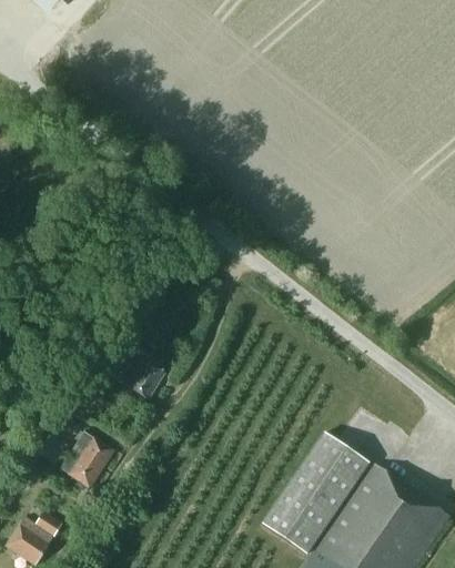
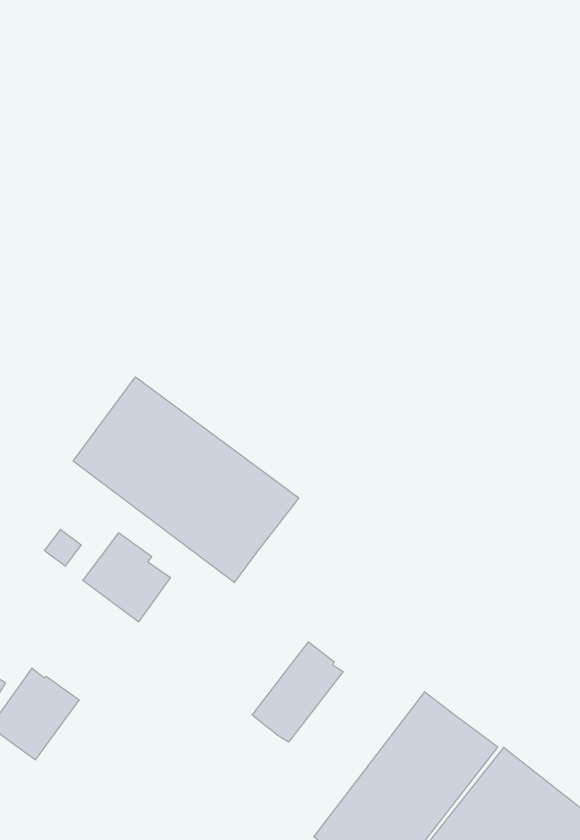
building: none -> [73,377,299,583]
building: none -> [252,642,343,742]

